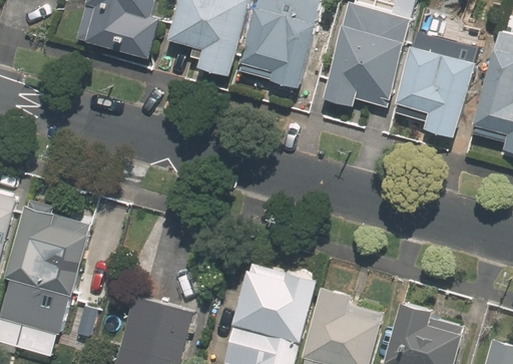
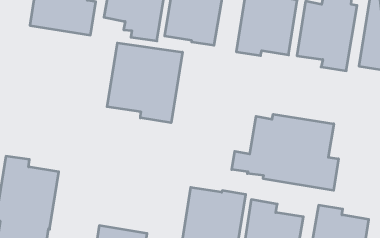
building: none -> [107,43,182,123]
building: none -> [232,114,338,190]

